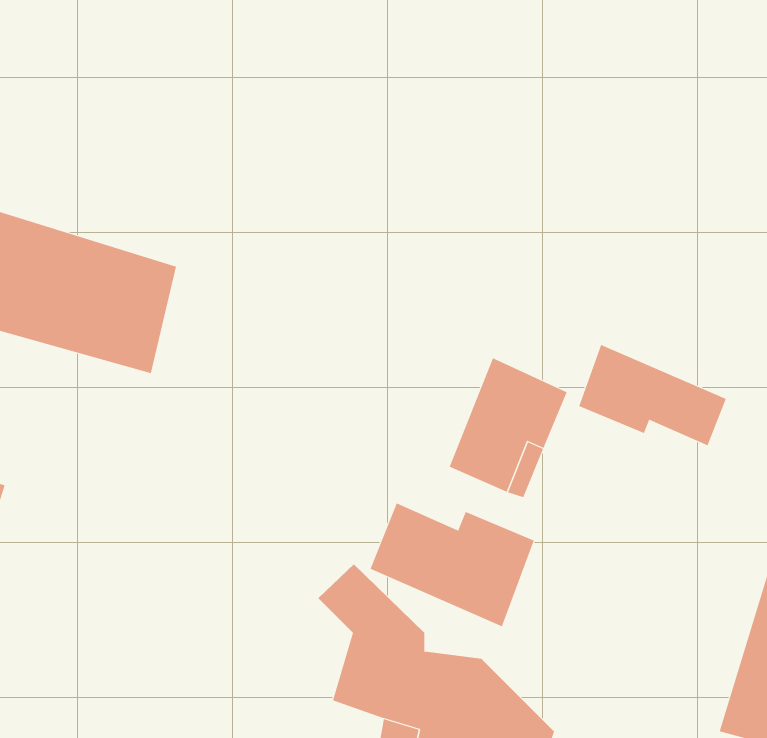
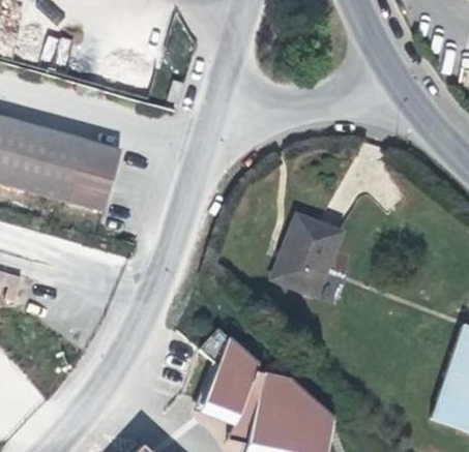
building: [578,344,726,446] -> none
building: [370,503,535,627] -> none

